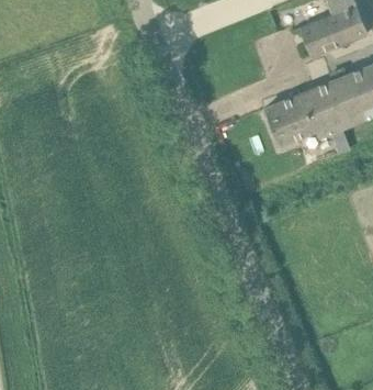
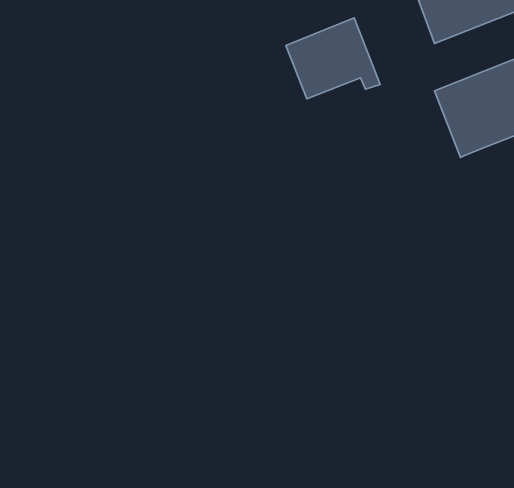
building: [265,90,329,145] -> [286,18,380,99]

